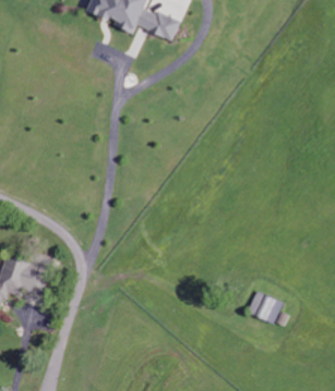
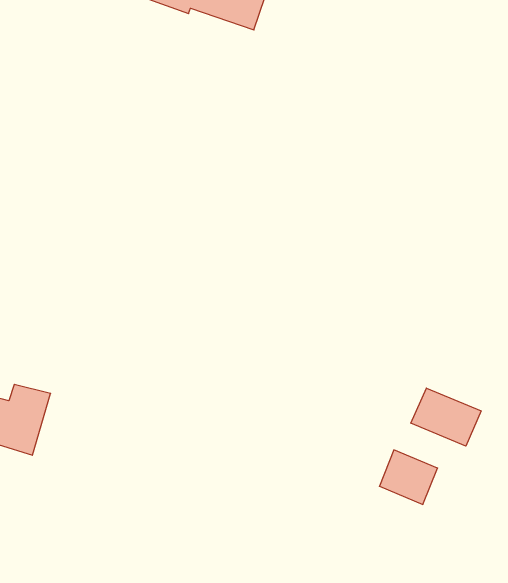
building: none -> [411,388,481,446]

